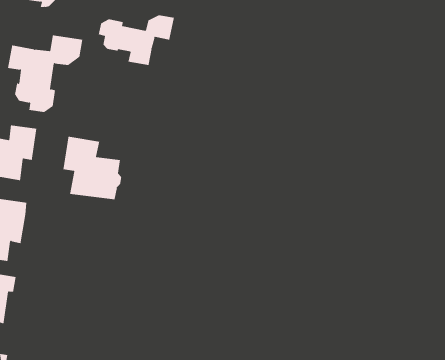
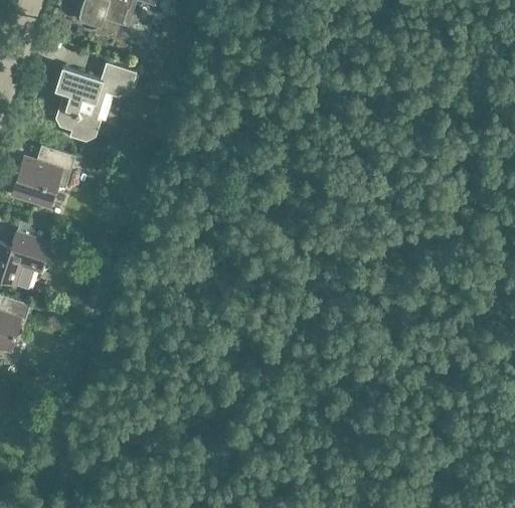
building: [98,14,175,66] -> none
building: [63,136,122,200] -> none

